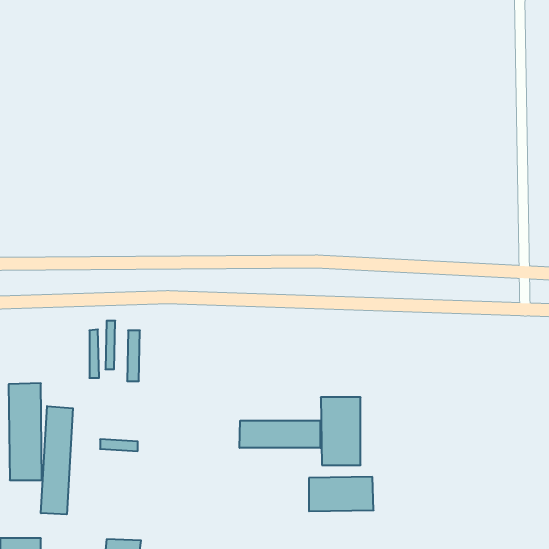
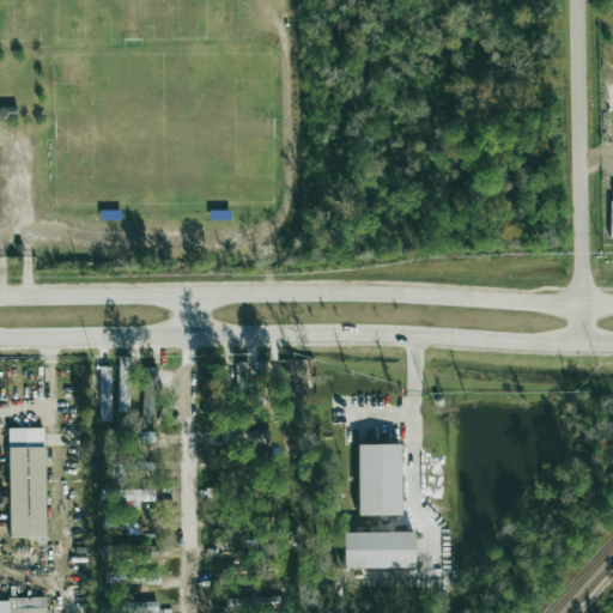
building: [41,406,73,514] -> none
building: [240,421,320,448] -> none

